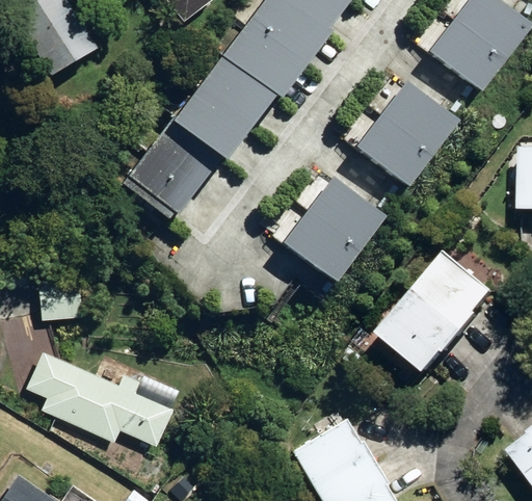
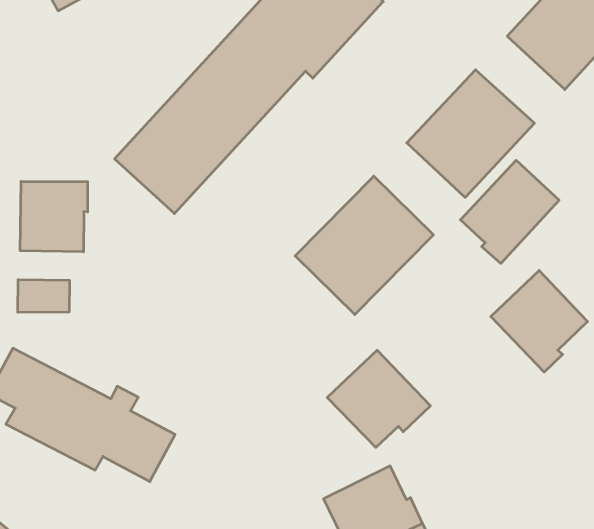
building: none -> [460,160,559,263]
building: none -> [20,181,88,252]
building: [391,289,474,367] -> [327,350,430,447]

